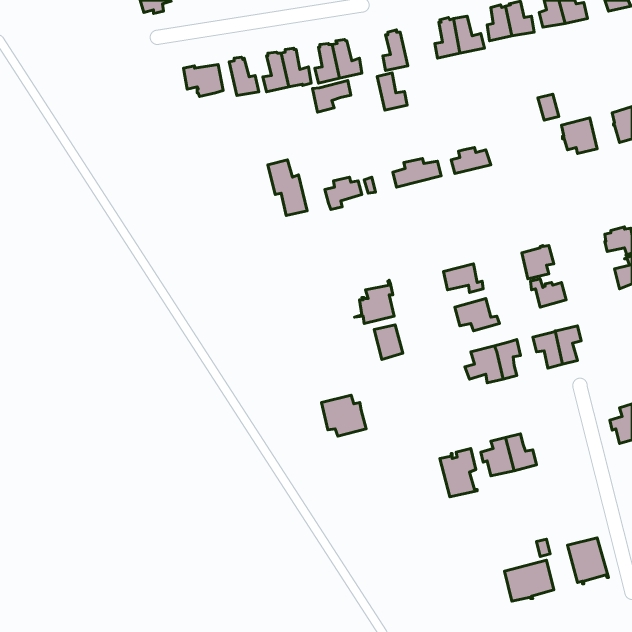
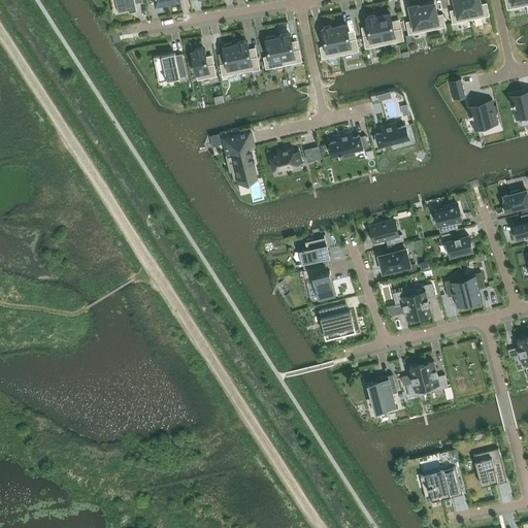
building: [377,73,407,110] -> [333,25,358,56]
building: [313,81,351,112] -> none
building: [322,395,366,436] -> [318,304,355,338]

